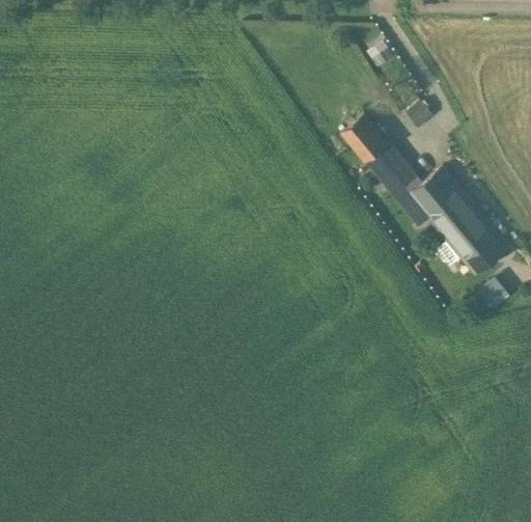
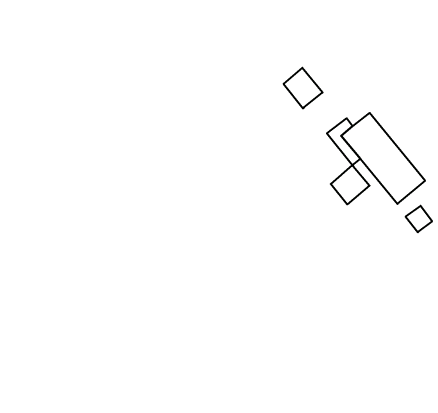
building: [363,141,413,192] -> none
building: none -> [331,165,370,204]

